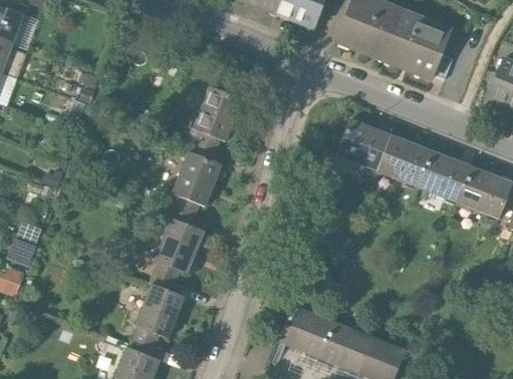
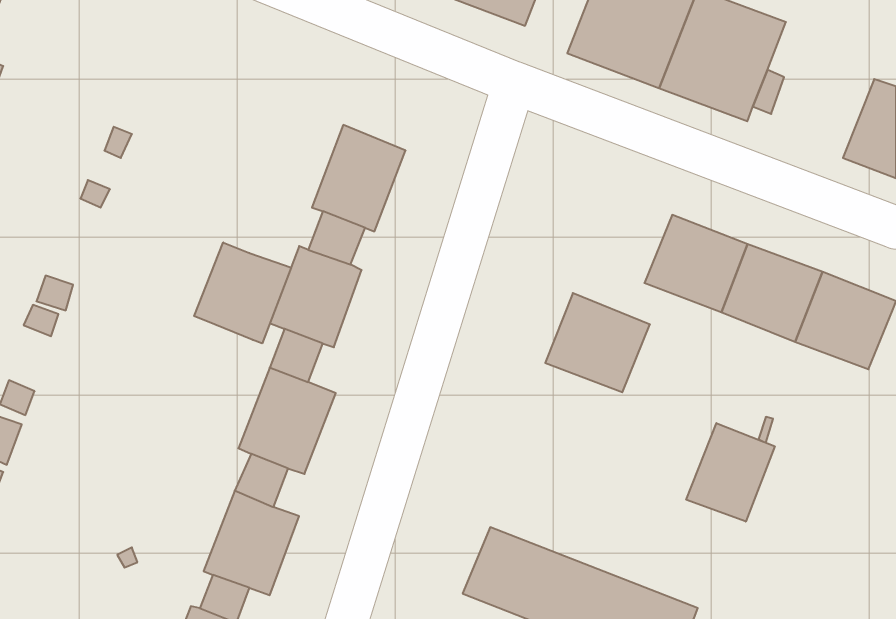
building: [332,115,390,169] -> [545,293,650,392]
building: none -> [194,242,291,343]
building: none -> [686,423,775,522]

